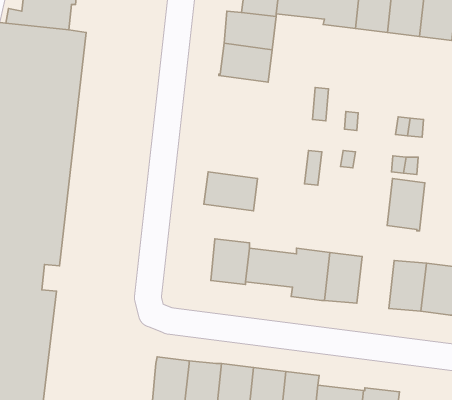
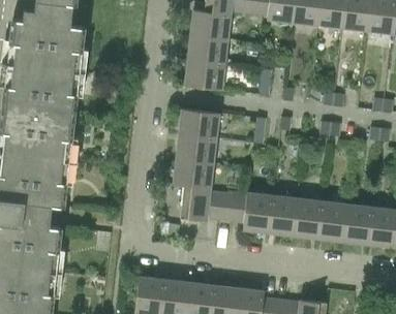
building: none -> [185,59,225,89]
building: none -> [179,108,219,138]
building: [387,179,425,231] -> [294,198,323,239]
building: none -> [174,158,214,188]

